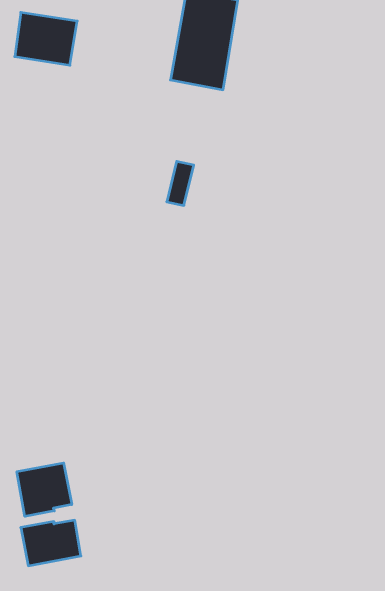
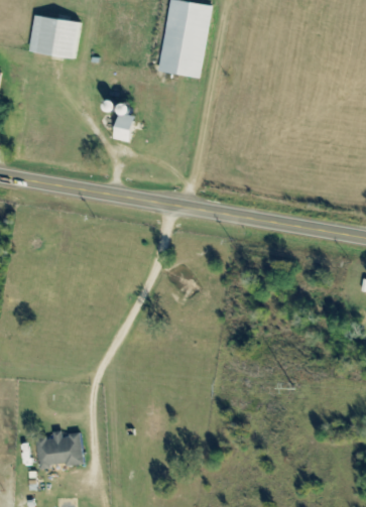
building: [167,161,194,205] -> [114,105,136,141]
building: [17,463,72,516] -> none

